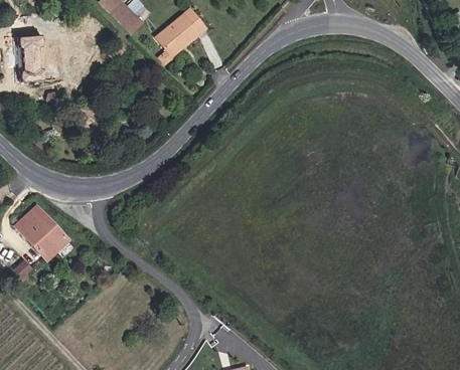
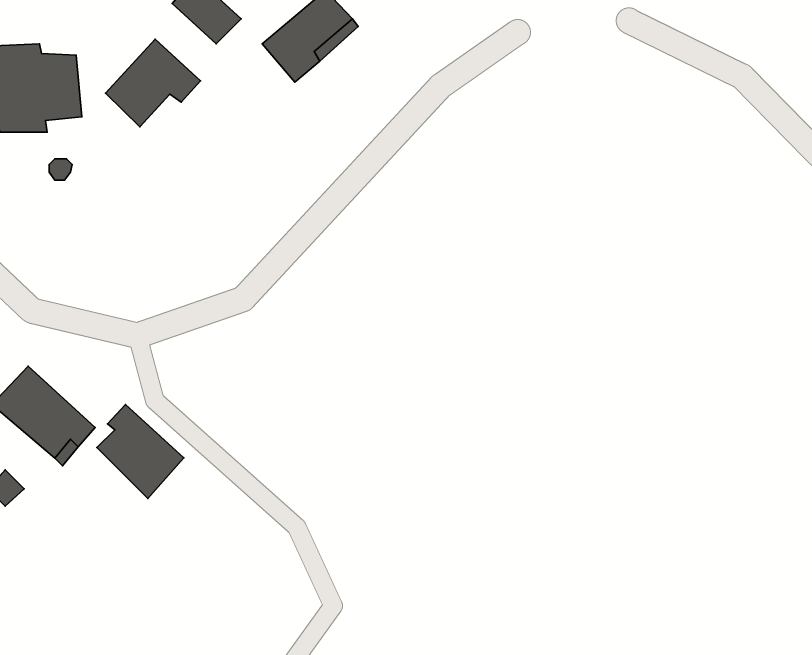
building: none -> [105,39,201,127]
building: none -> [97,405,184,499]

